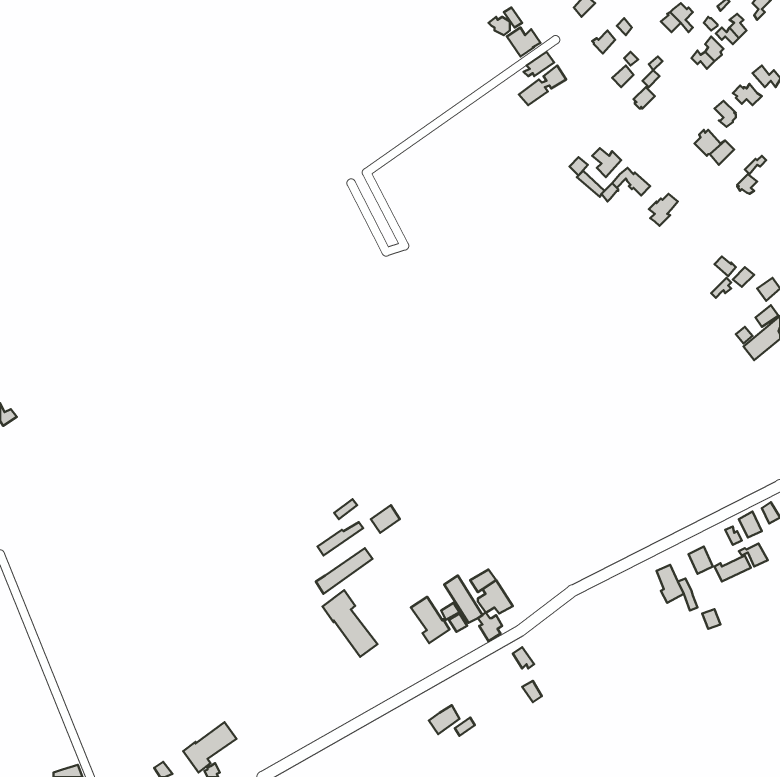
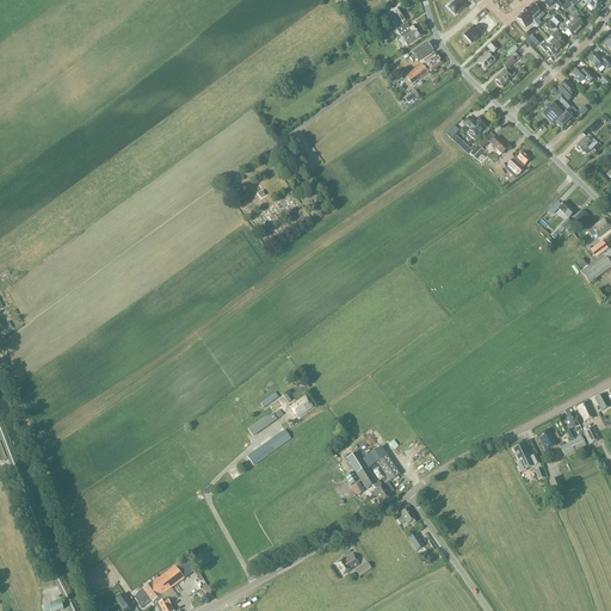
building: [322,590,378,657] -> none
building: [411,597,450,643] -> none

